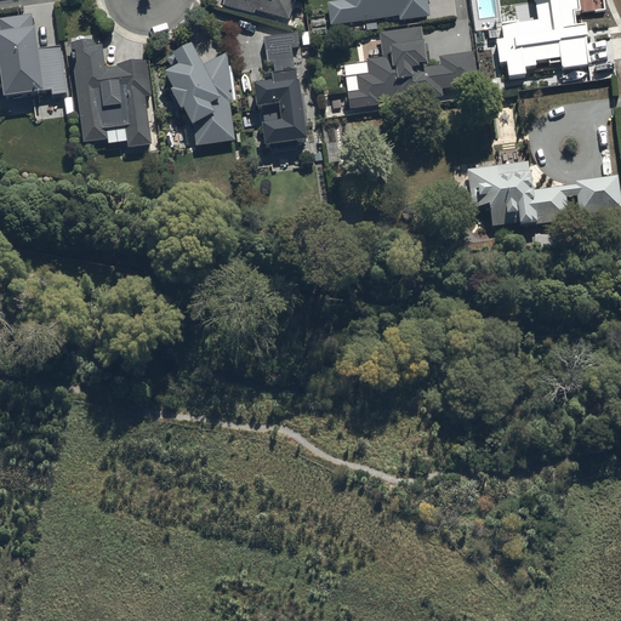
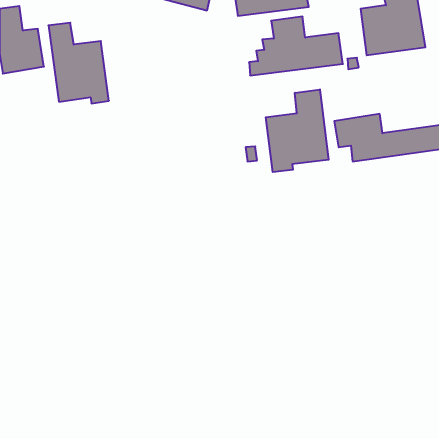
building: [252,30,307,149] -> none
building: [159,41,237,143] -> none
building: none -> [266,89,329,172]

